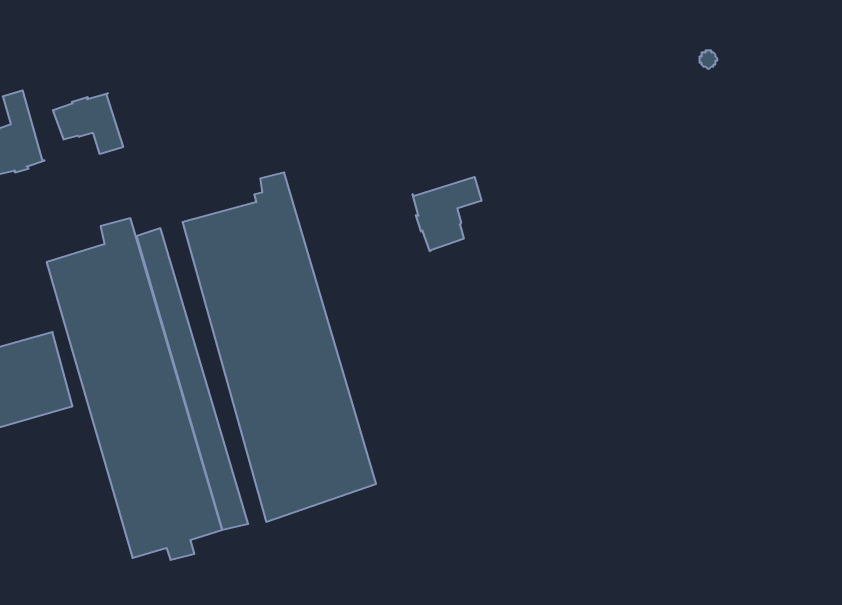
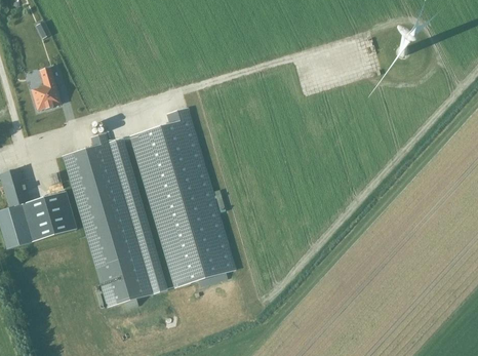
building: [53,93,123,154] -> none
building: [413,177,481,251] -> none

